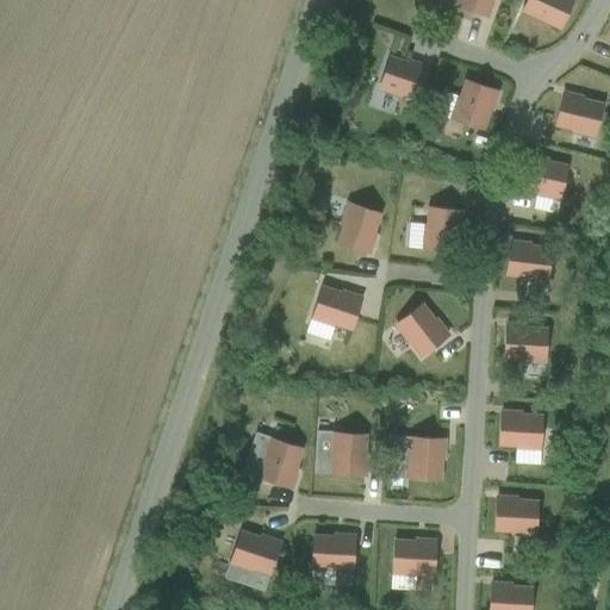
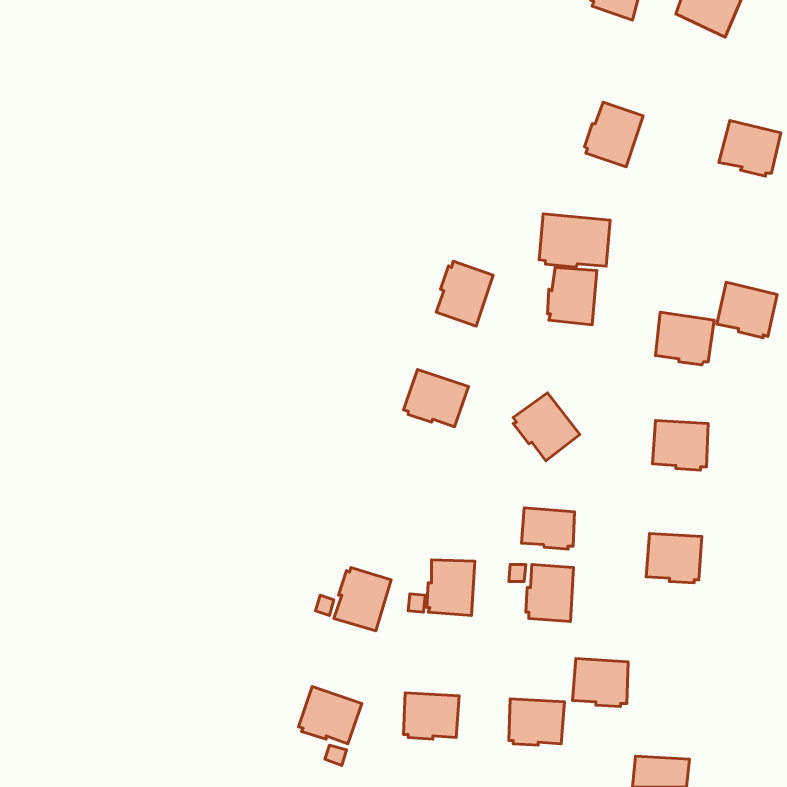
building: [381,55,430,99] -> none
building: [522,155,568,198] -> [717,282,777,338]
building: none -> [539,214,610,267]
building: none -> [521,508,575,549]
building: [496,497,539,534] -> [573,659,628,707]

